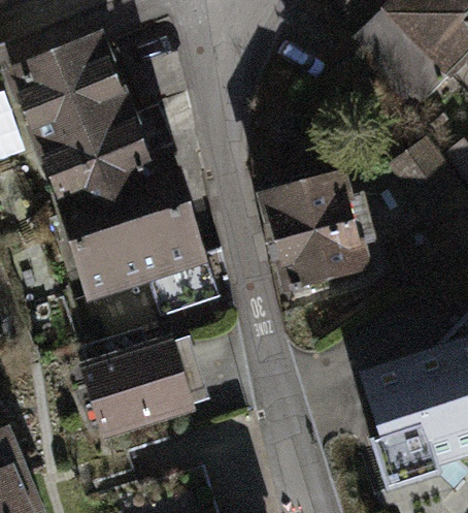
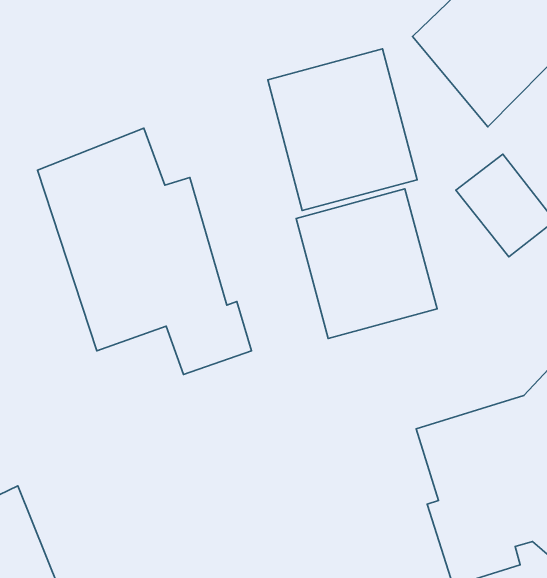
building: [13,47,130,153] -> none
building: none -> [268,49,417,211]
building: [73,342,188,440] -> none

